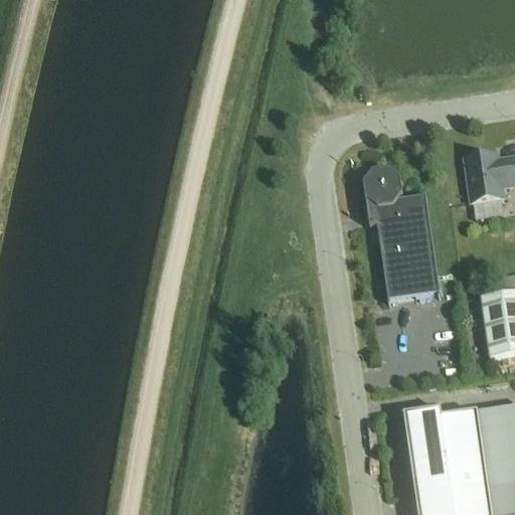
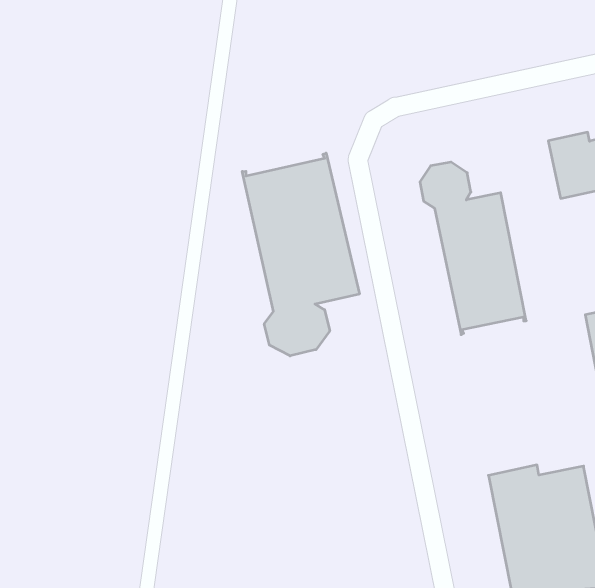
building: none -> [242,153,359,356]

